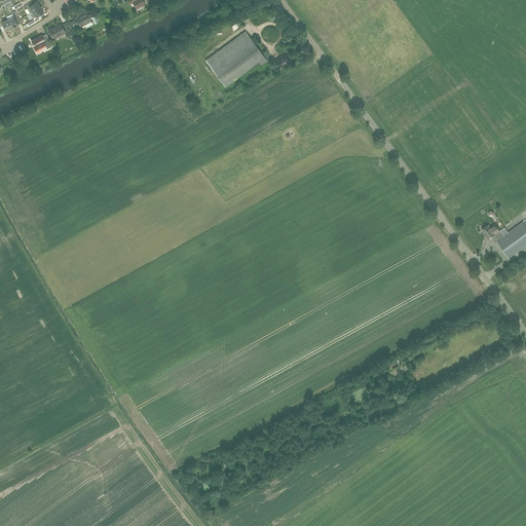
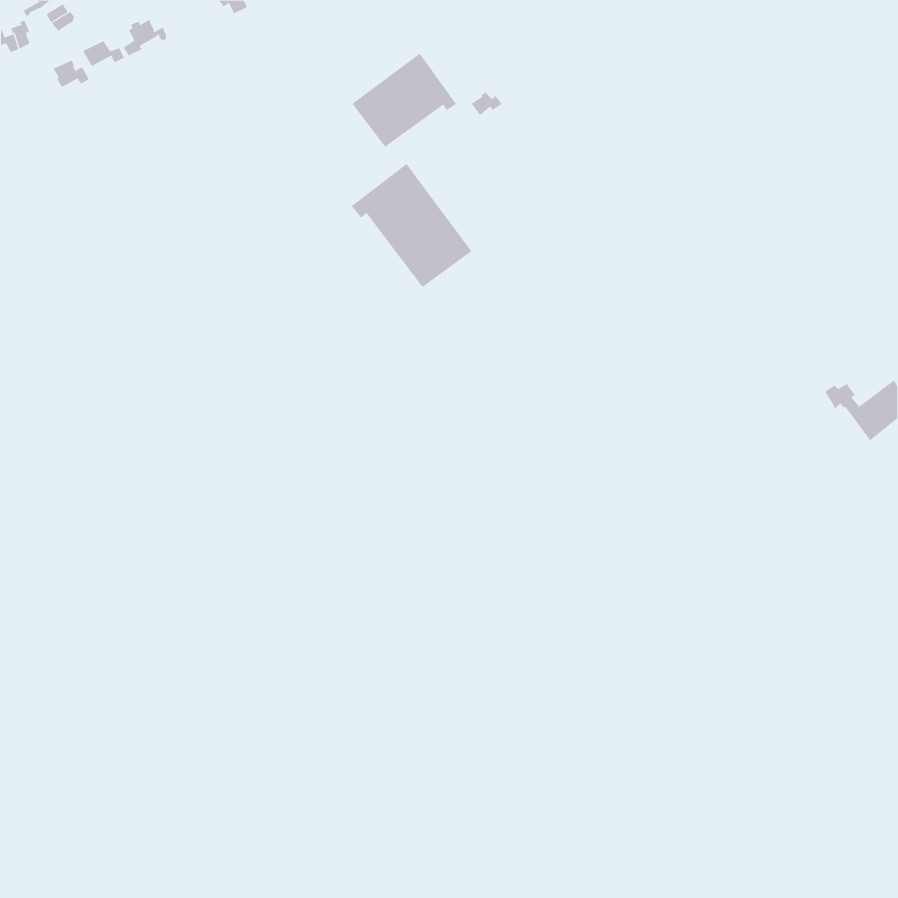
building: none -> [351,163,472,288]

